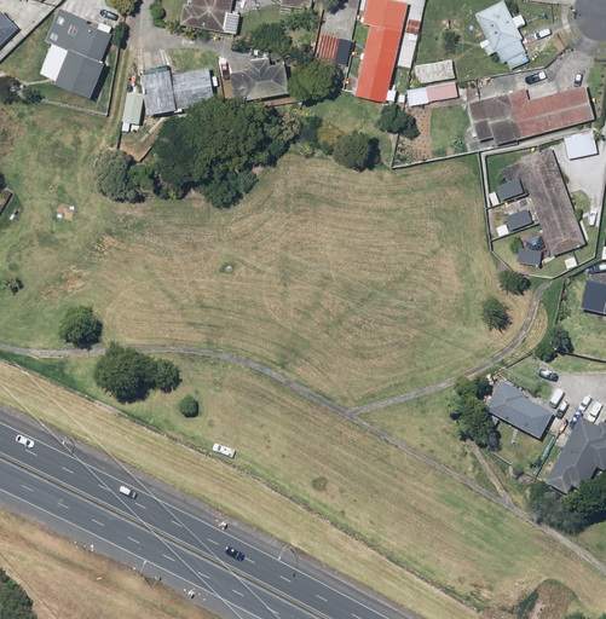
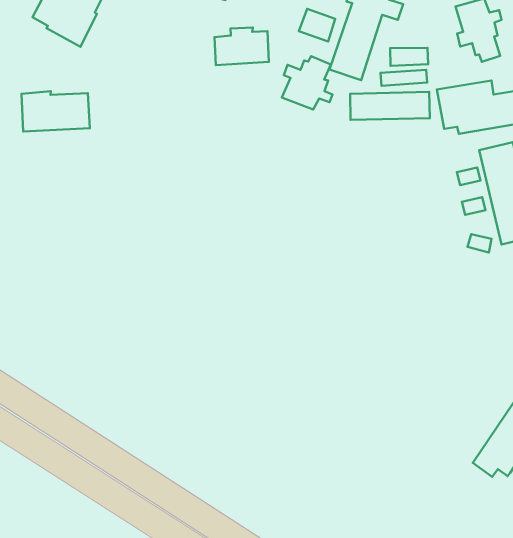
building: [139,66,214,114] -> [21,91,90,131]
building: none -> [282,56,332,109]
building: none -> [350,92,430,120]
building: [484,380,550,438] -> none

